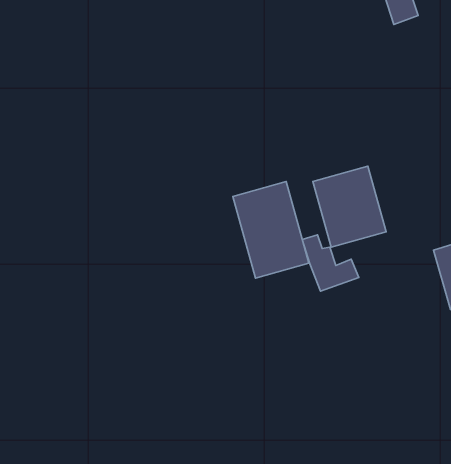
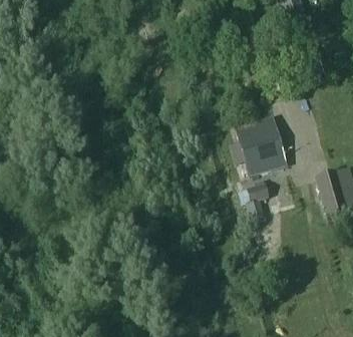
building: [233,181,309,278] -> none

